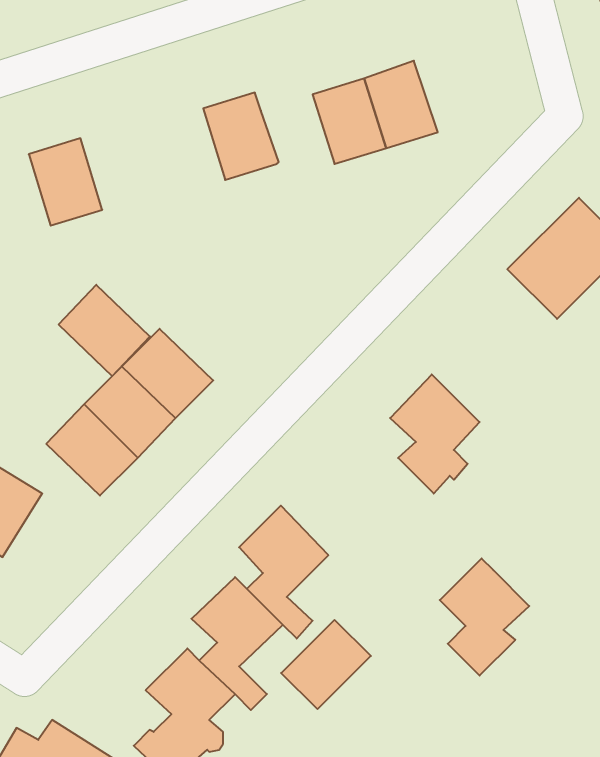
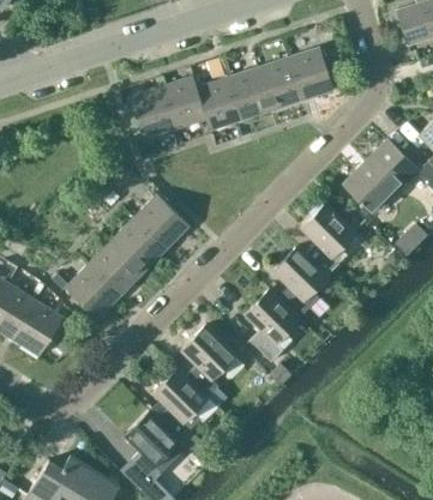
building: none -> [288,47,333,100]
building: none -> [196,77,240,129]
building: [29,138,102,226] -> [130,85,174,138]
building: [59,285,150,376] -> [134,194,190,249]
building: none -> [301,203,365,275]
building: [440,558,529,676] -> [246,289,300,360]
building: [281,620,371,709] -> none

